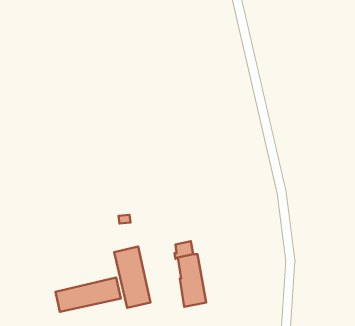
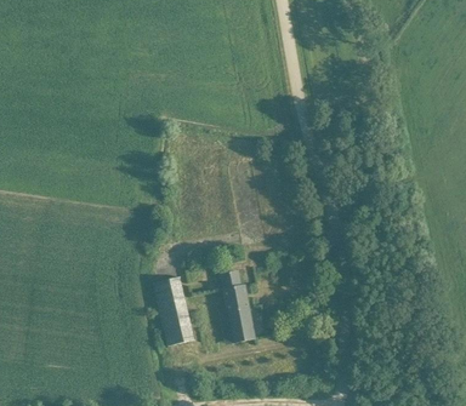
building: [56,278,121,312] -> none

